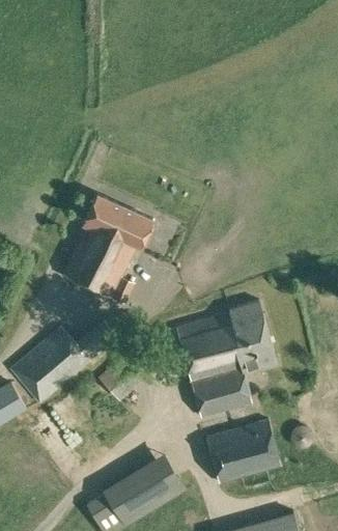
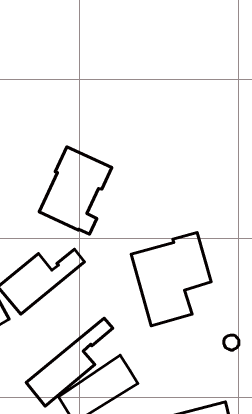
building: none -> [26,318,113,406]
building: [205,420,280,482] -> none

